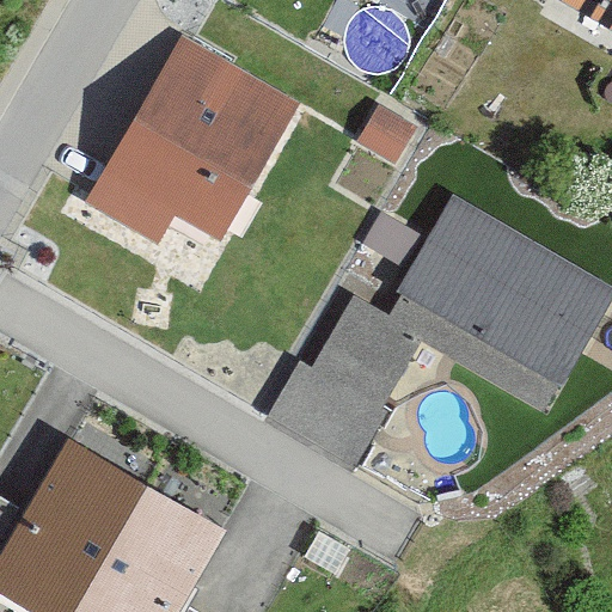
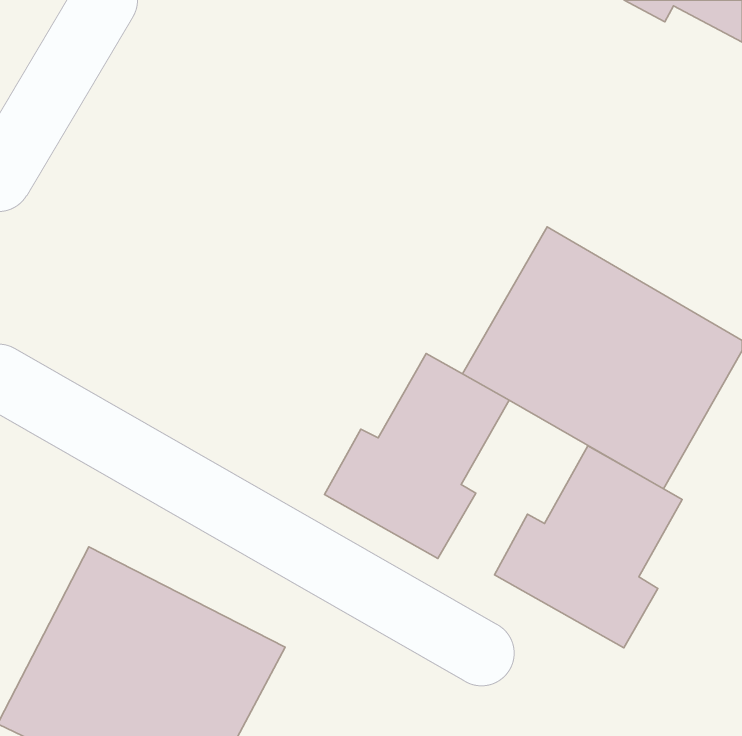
building: [84,32,301,244] -> none
building: none -> [494,446,682,648]

